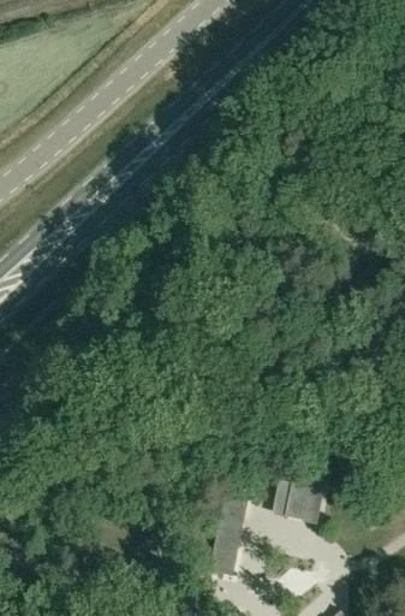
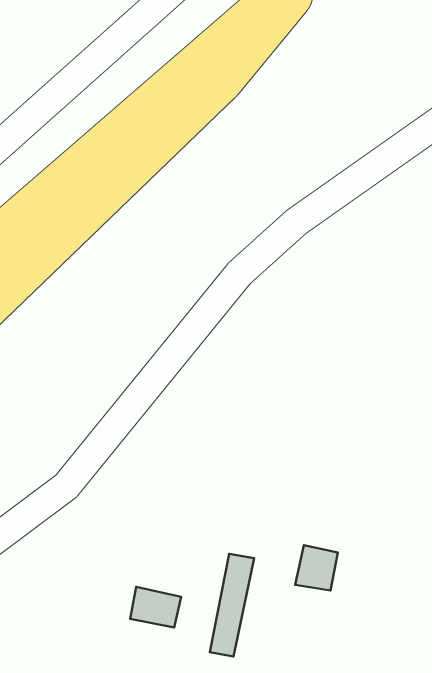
building: none -> [130,587,181,627]

